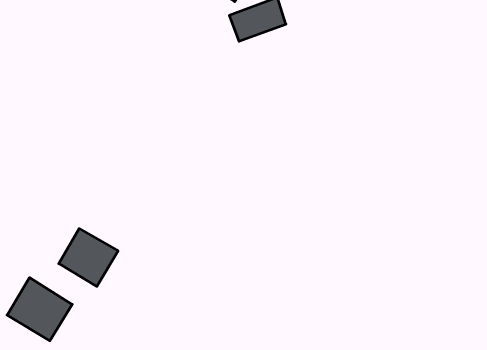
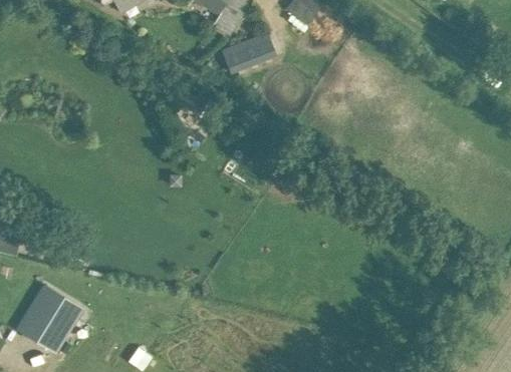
building: [59,229,118,286] -> none

